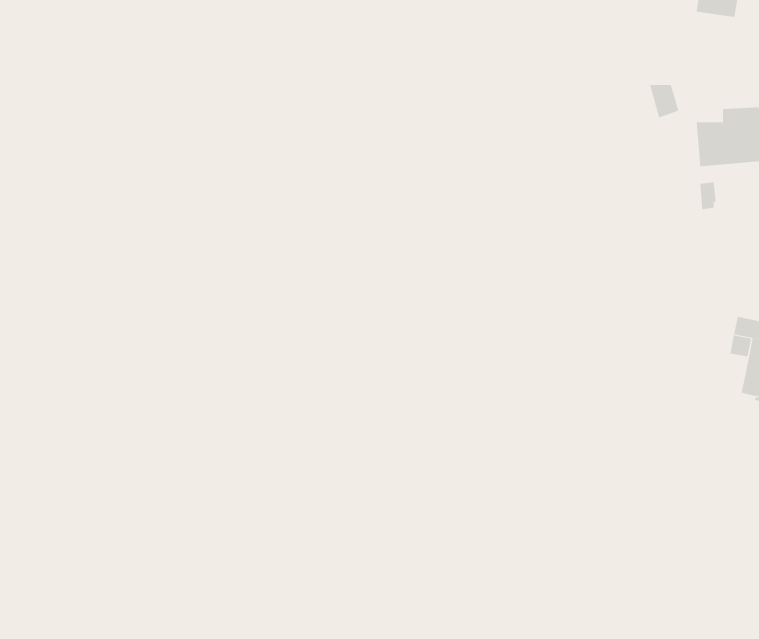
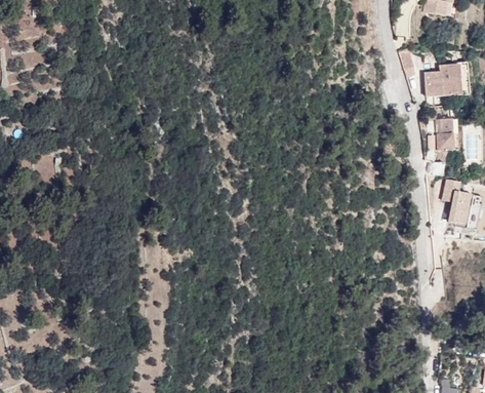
building: none -> [436,118,453,150]

